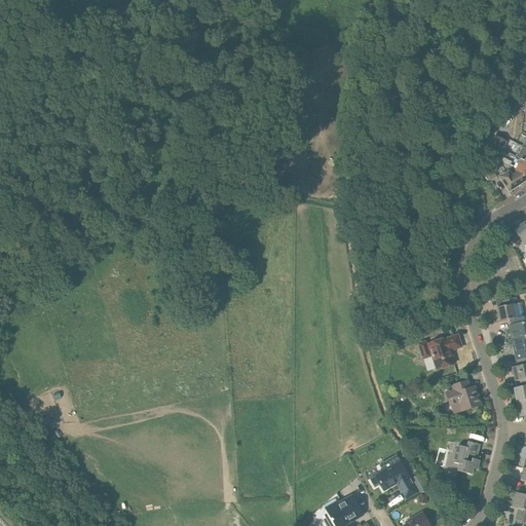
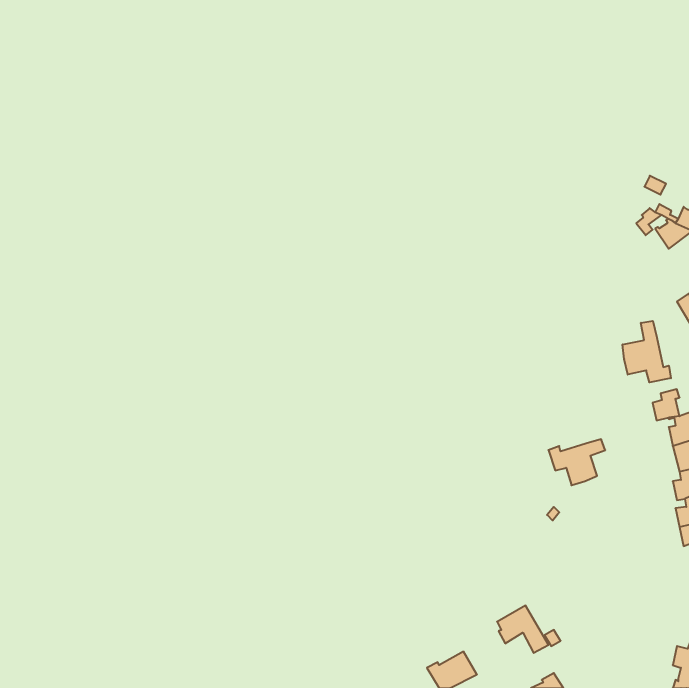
building: none -> [623,321,671,382]
building: [446,379,481,412] -> none
building: [453,440,481,473] -> none

